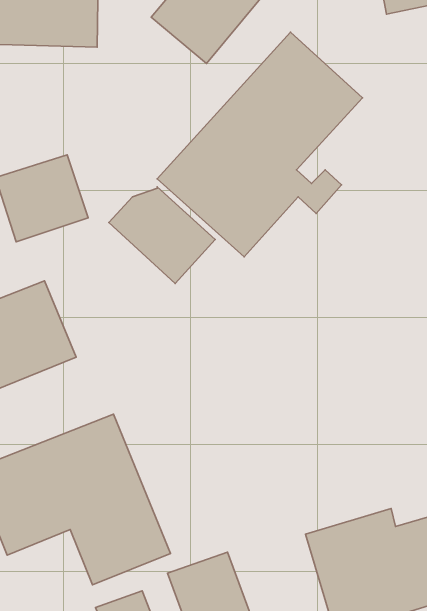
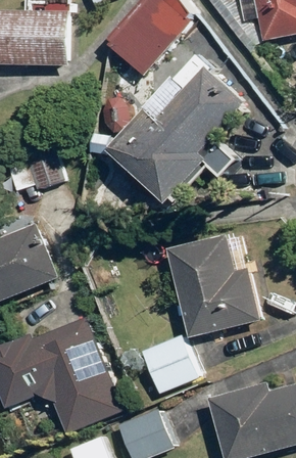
building: [109,187,215,283] -> none
building: none -> [167,233,259,339]
building: none -> [139,334,197,394]

